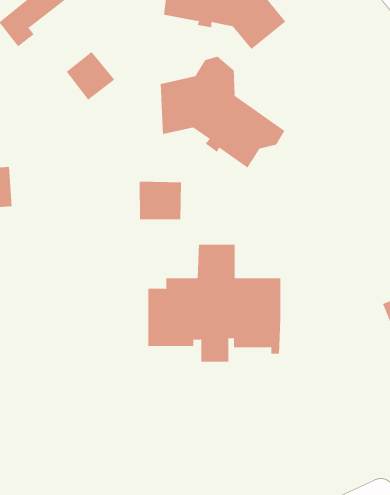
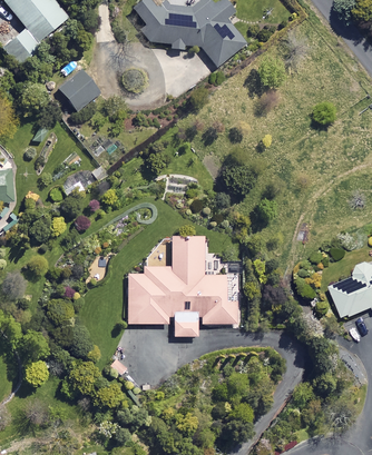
building: [160,56,285,168] -> none
building: [139,181,182,220] -> none

